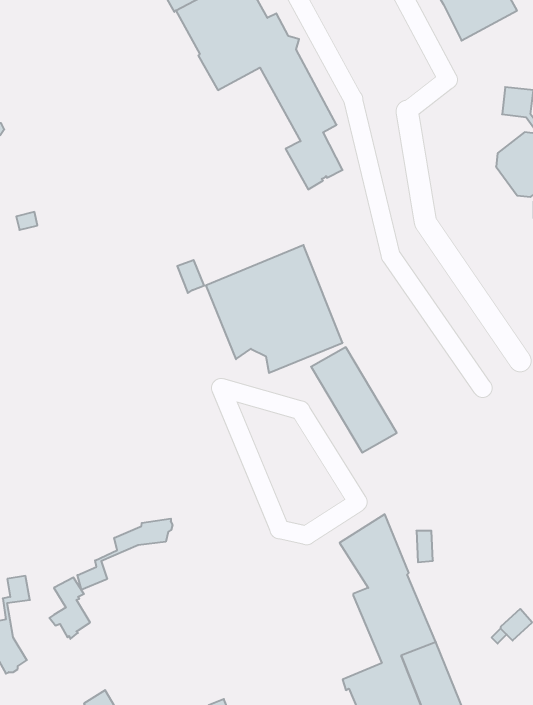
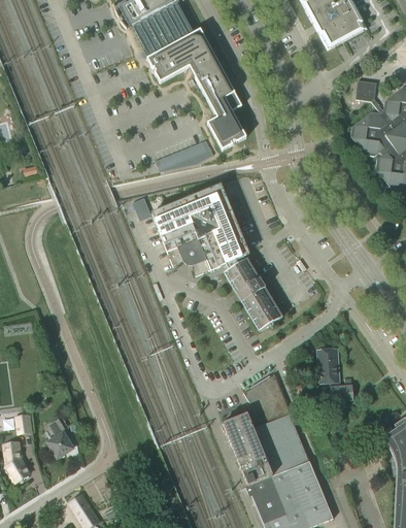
building: none -> [155,140,213,172]
building: none -> [316,348,352,402]
building: [77,519,172,590] -> none
building: none -> [222,411,272,486]

